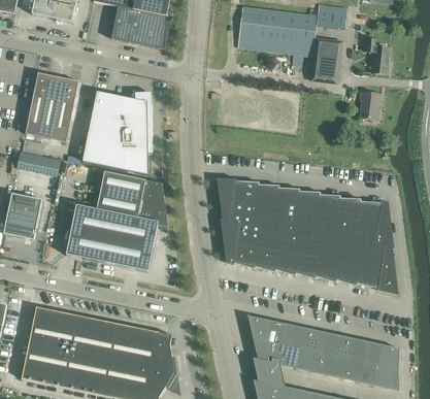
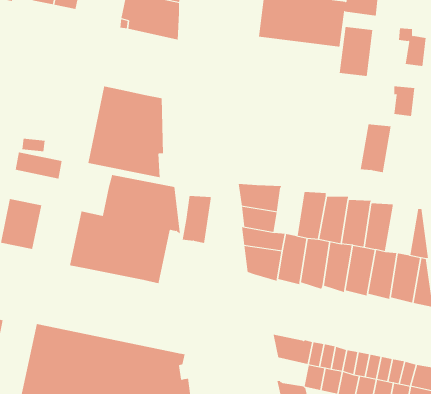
building: [25,72,78,141] -> none
building: [252,184,278,227] -> [182,196,212,243]
building: [353,200,382,244] -> [360,124,392,173]
building: [255,337,283,363] -> none

